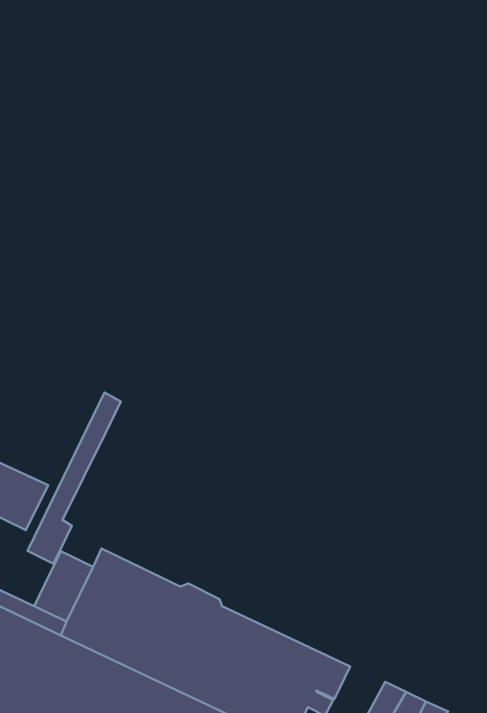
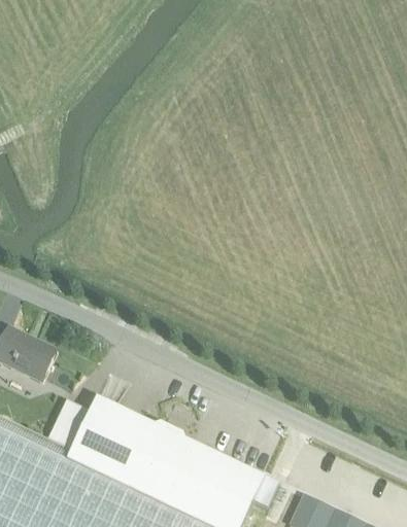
building: [28,393,121,564] -> none

